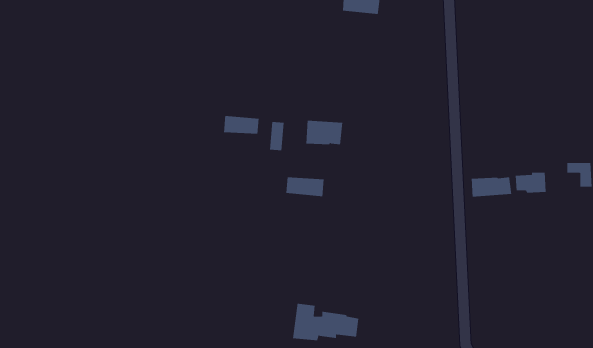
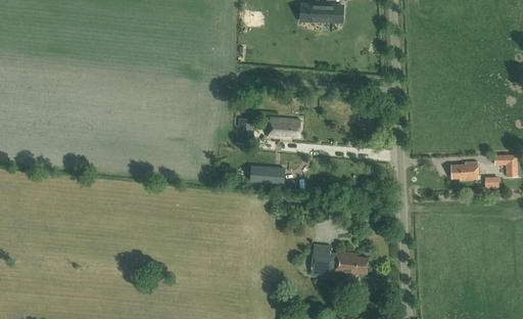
building: [223,115,259,135] -> none
building: [471,177,512,197] -> none
building: [292,303,359,341] -> [310,243,368,276]

